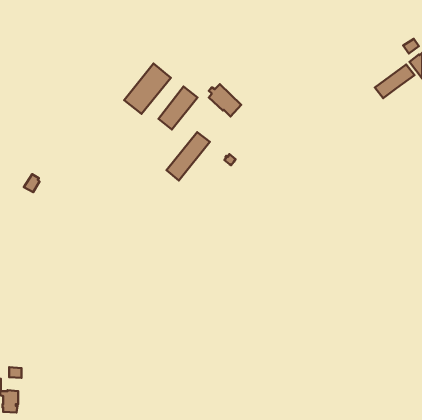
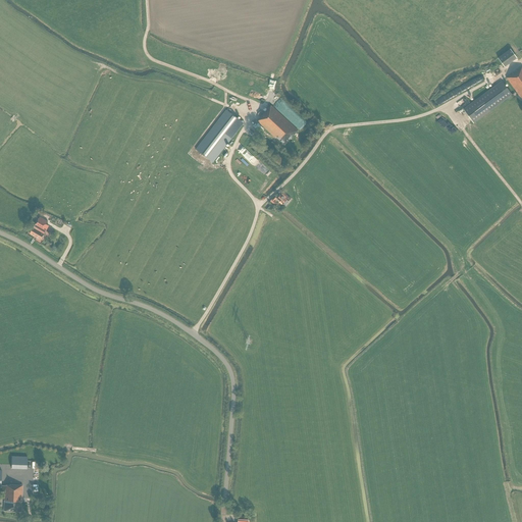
building: [124,64,171,114] -> none
building: [166,132,210,181] -> none

